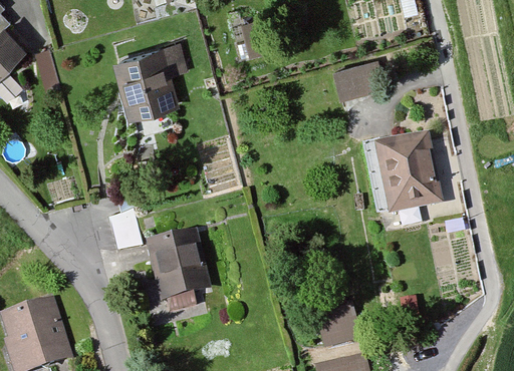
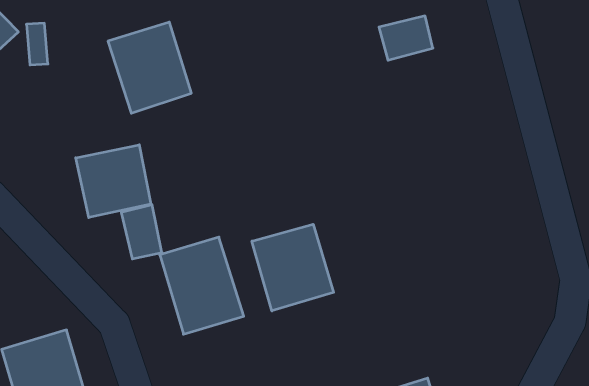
building: [369,131,441,216] -> none
building: none -> [76,145,151,218]
building: none -> [252,224,334,311]

